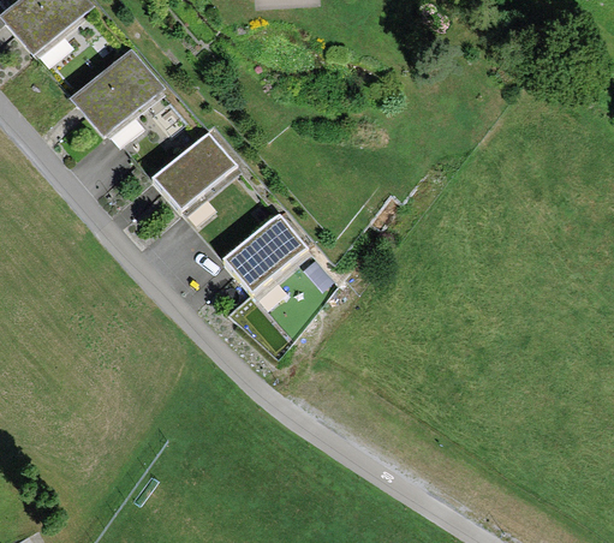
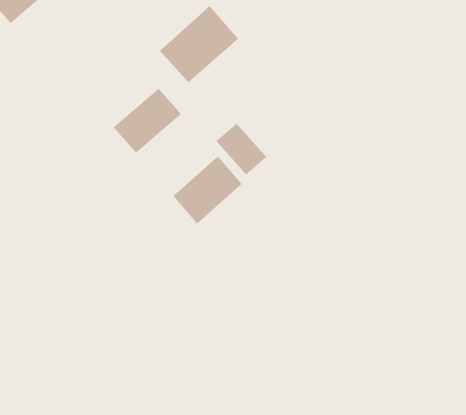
building: [71,44,166,137] -> [159,5,239,83]
building: none -> [216,123,267,175]

